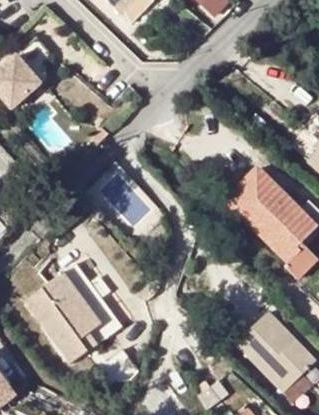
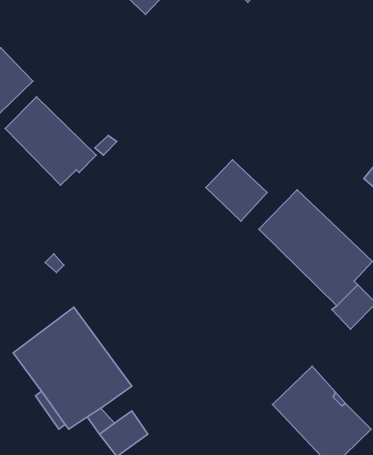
building: none -> [5,97,96,185]
building: none -> [206,160,267,221]

